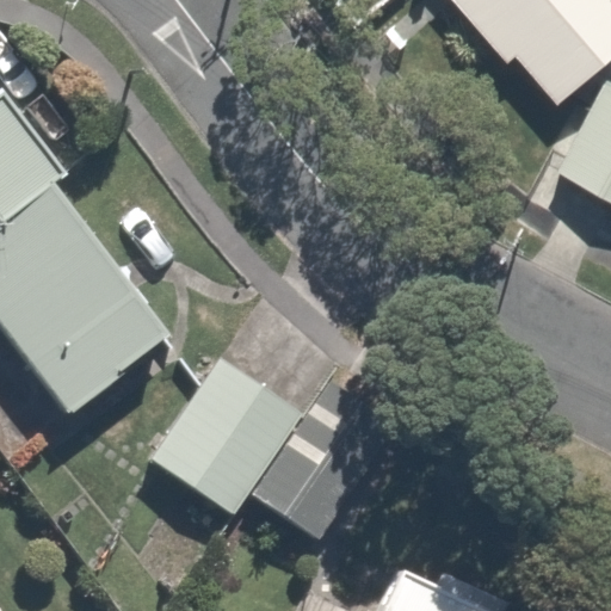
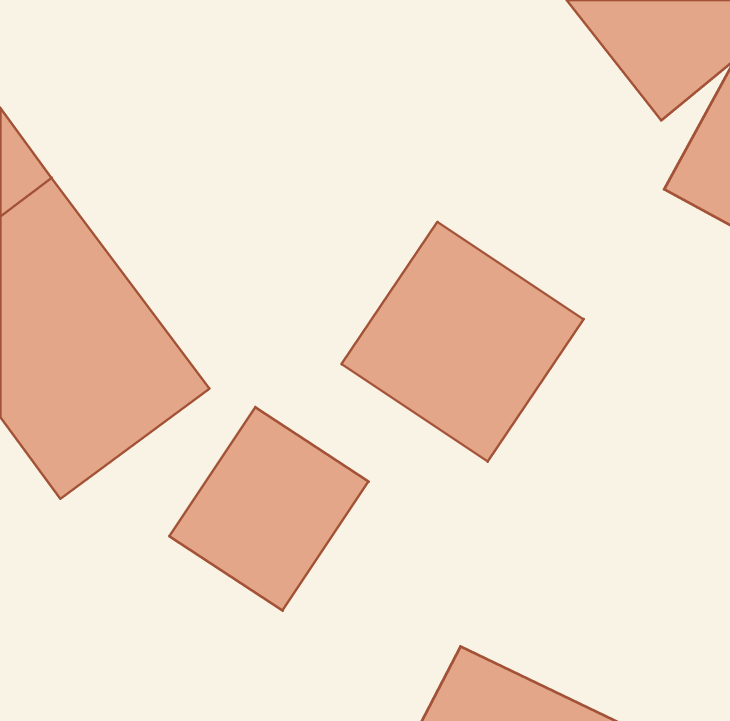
building: none -> [342,222,584,462]

